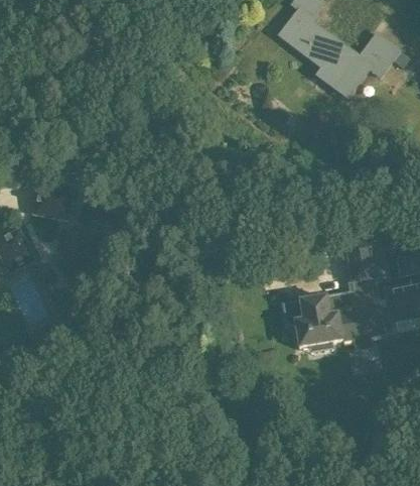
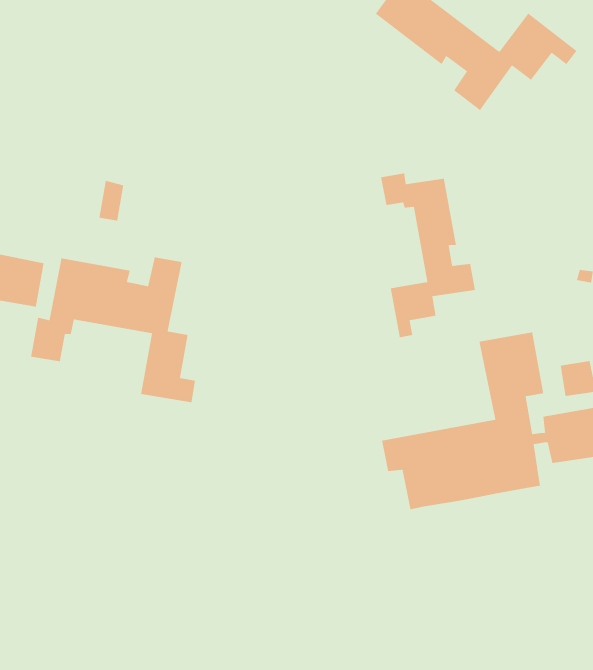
building: none -> [380,172,476,338]
building: none -> [30,257,196,403]

